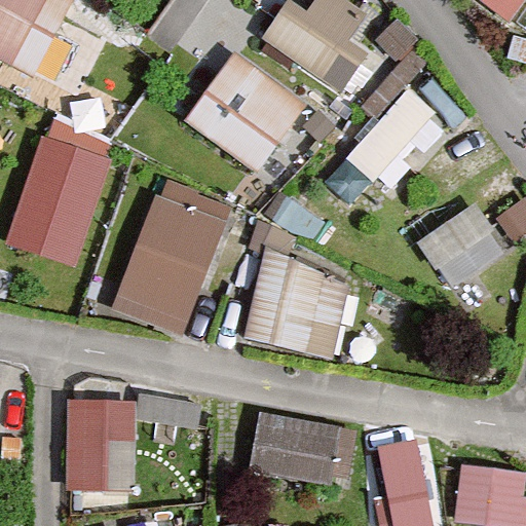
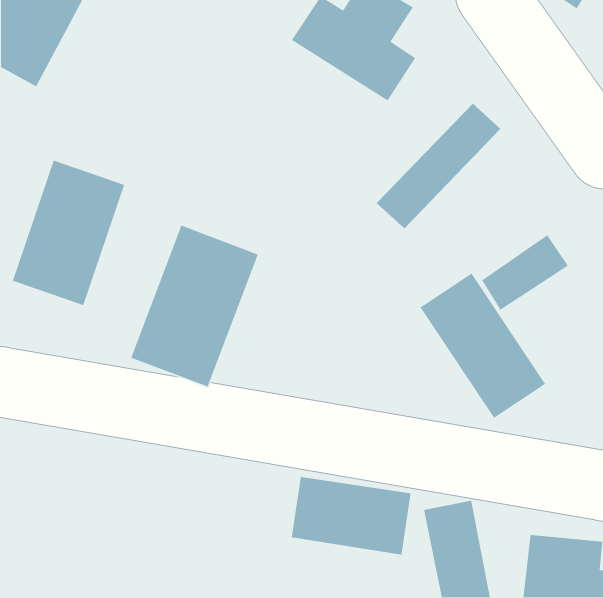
building: [178,50,298,170] -> none
building: none -> [419,273,546,419]
building: [240,245,339,353] -> none
building: [69,401,136,493] -> none

